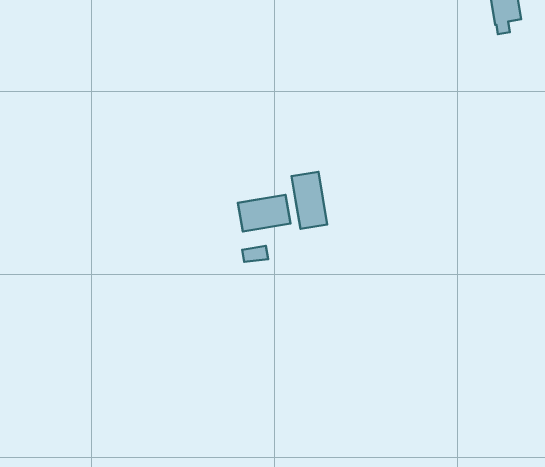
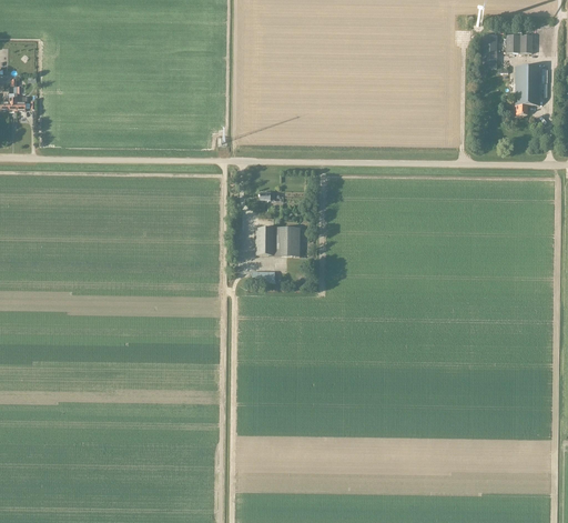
building: [292,172,327,229] -> none

